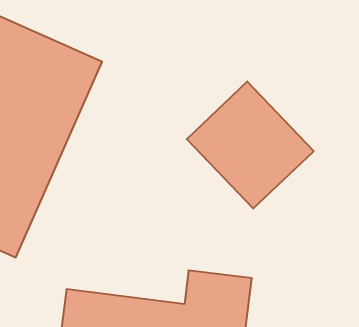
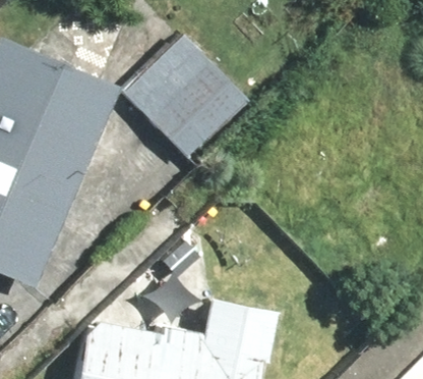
building: [187,81,314,209] -> [122,33,252,163]

